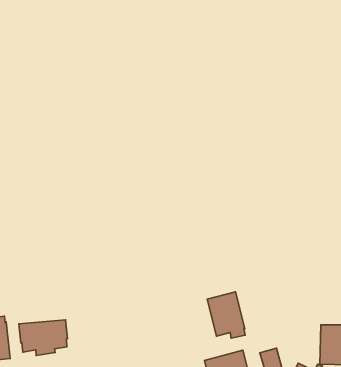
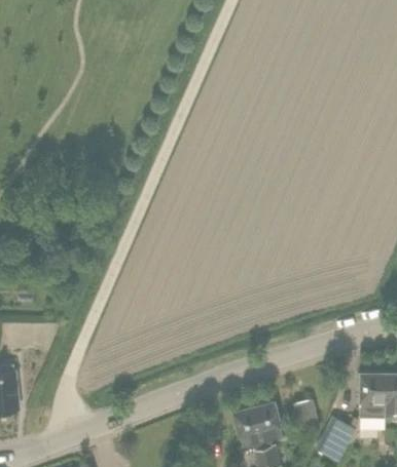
building: [207,292,245,338] -> none
building: [19,320,67,355] -> none

